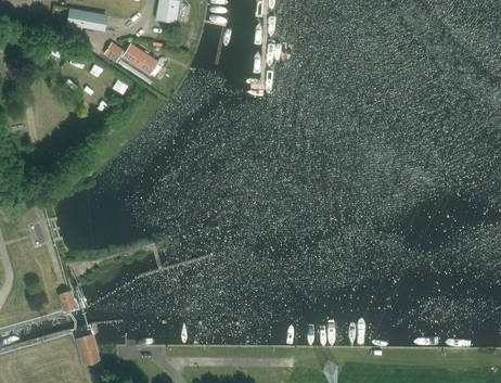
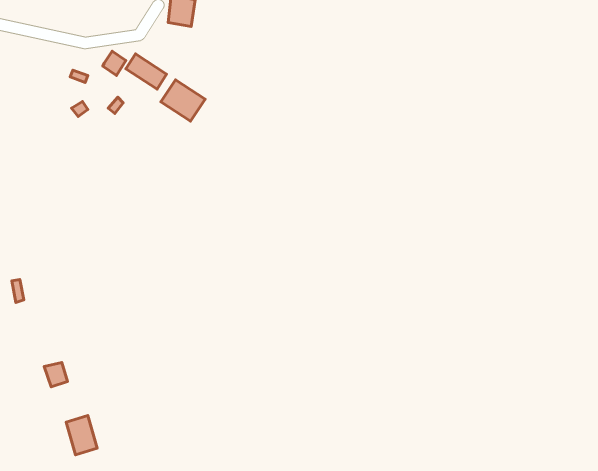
building: [67,10,105,30] -> none
building: none -> [161,80,205,121]

